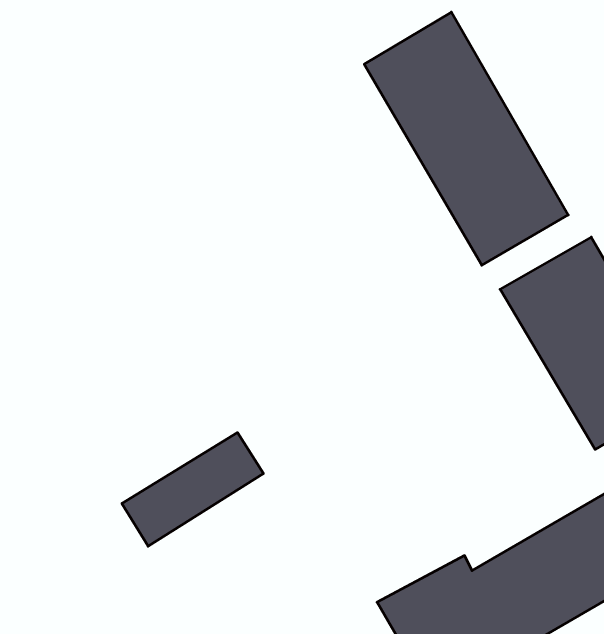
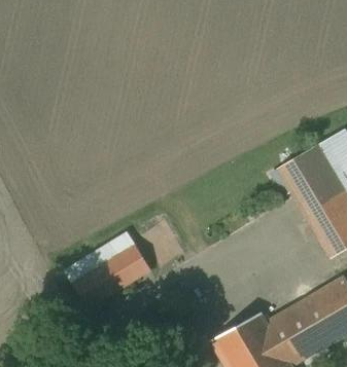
building: [364,12,568,265] -> none

